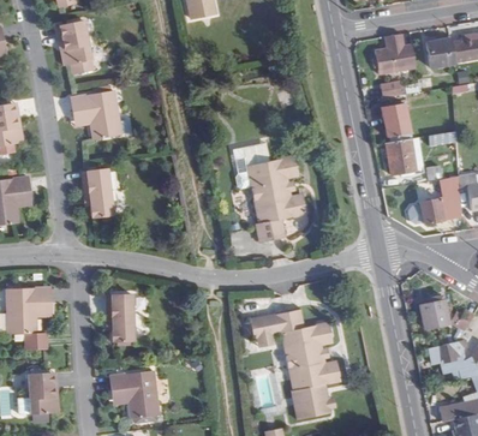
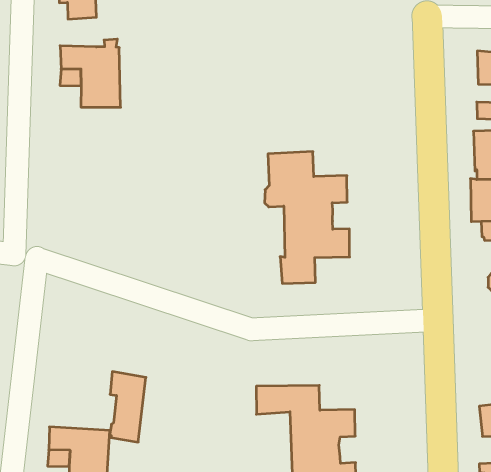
building: [82,167,113,217] -> none
building: [106,293,133,341] -> [110,372,146,442]

